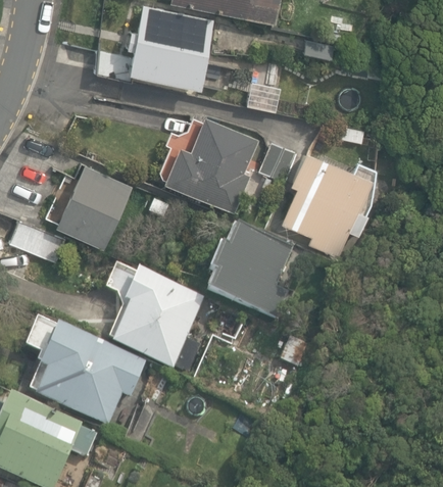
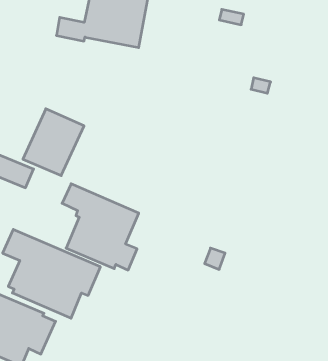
building: [164,114,257,208] -> none
building: [281,147,376,254] -> none
building: [207,223,291,314] -> none

